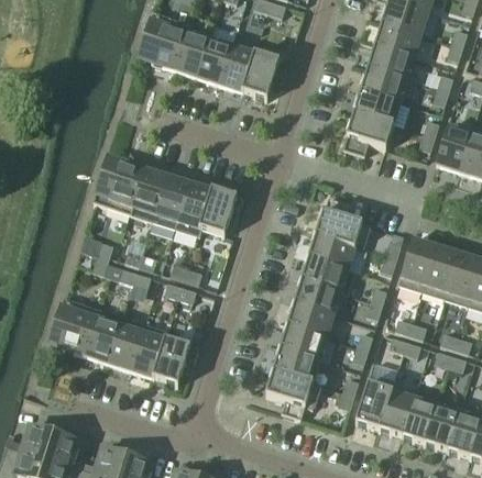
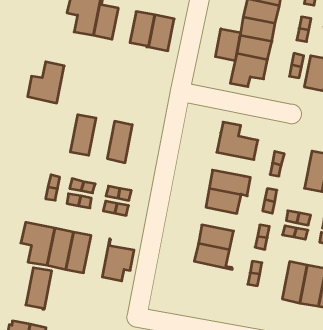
building: [197,41,231,86] -> none
building: none -> [215,29,241,61]
building: [92,163,143,216] -> [28,62,64,103]
building: [152,177,189,230] -> none
building: [197,190,235,237] -> none
building: [307,236,361,270] -> none
building: [397,240,436,293] -> none
building: [286,304,332,338] -> none
building: [130,325,167,379] -> [26,268,52,309]
building: [264,371,319,421] -> none
building: [354,374,394,431] -> none

